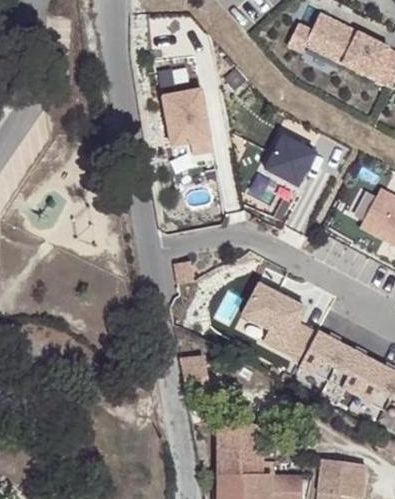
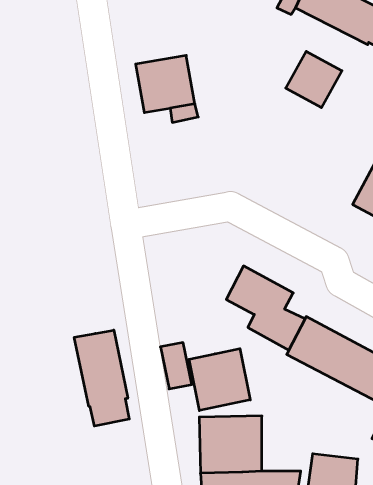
building: [263,134,315,186] -> [286,51,342,108]
building: none -> [74,330,129,426]
building: none -> [189,349,250,411]

